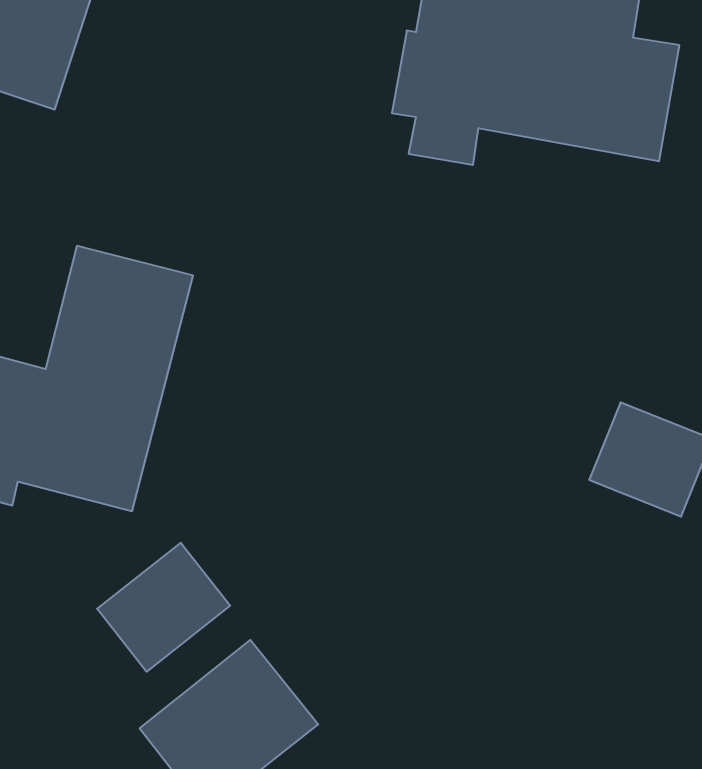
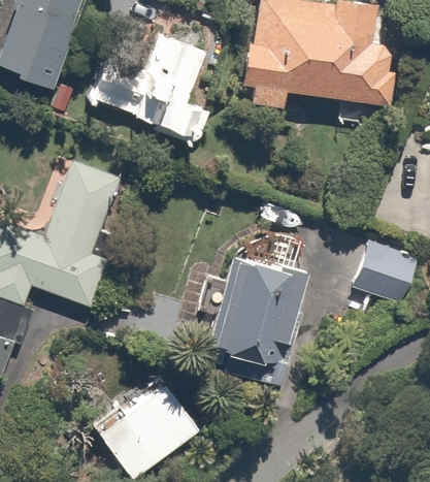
building: none -> [89,36,207,137]
building: none -> [216,251,307,387]
building: [97,543,230,672] -> none

